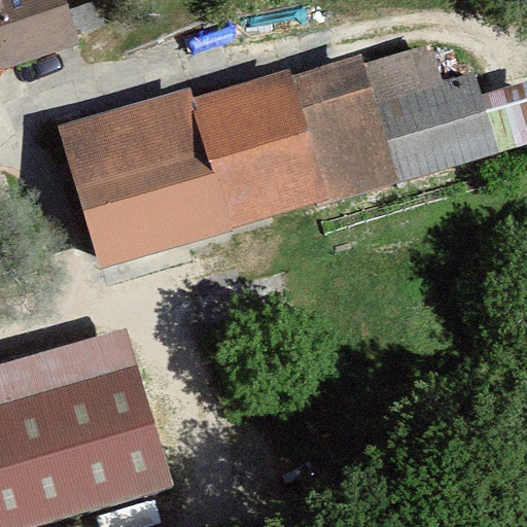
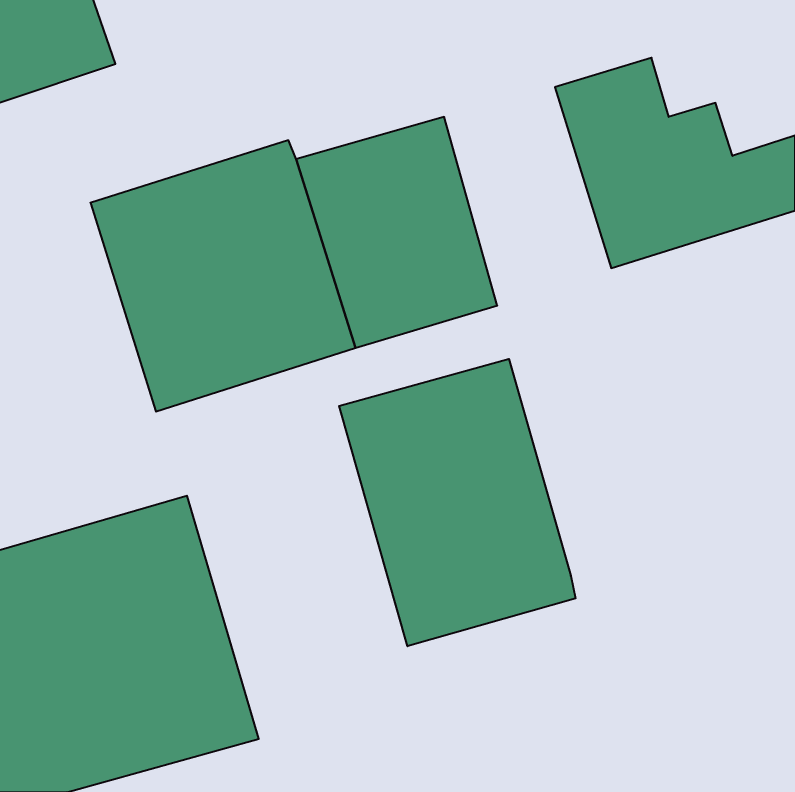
building: [293,58,403,202] -> none
building: none -> [339,359,576,646]

